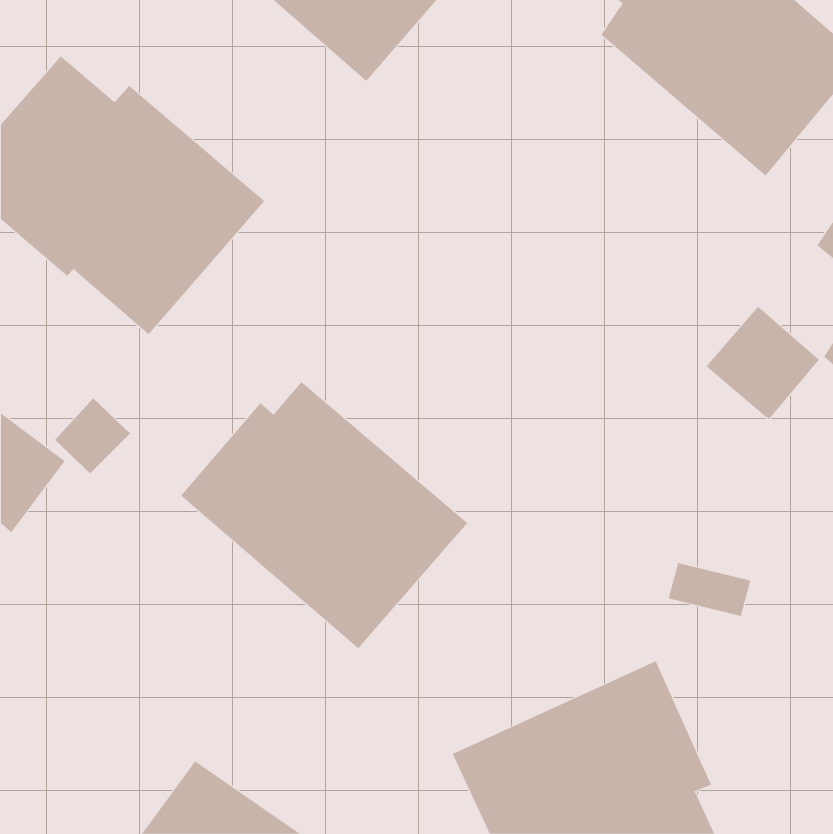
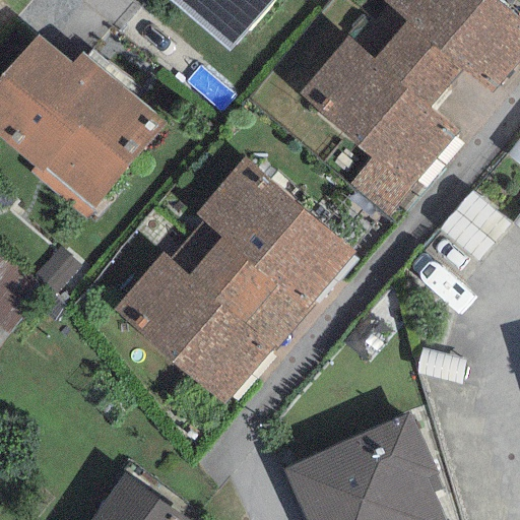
building: none -> [299,21,477,217]
building: none -> [189,159,354,325]

